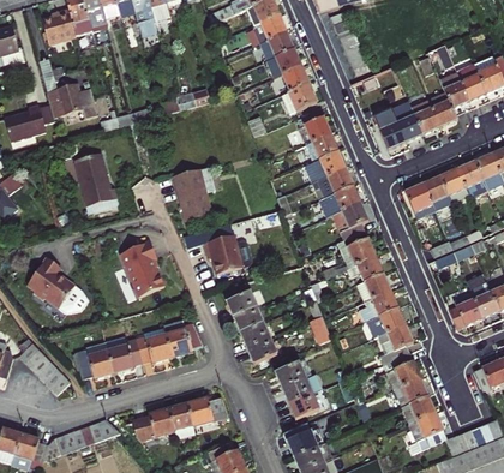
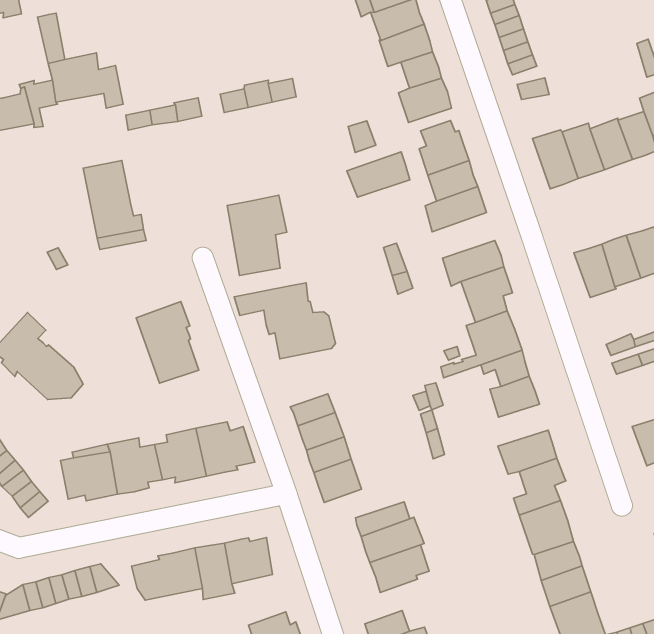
building: [310,166,352,198] -> [347,152,410,197]
building: [359,289,397,321] -> none

